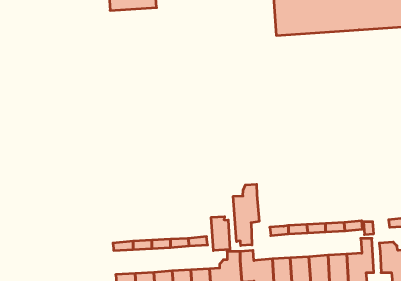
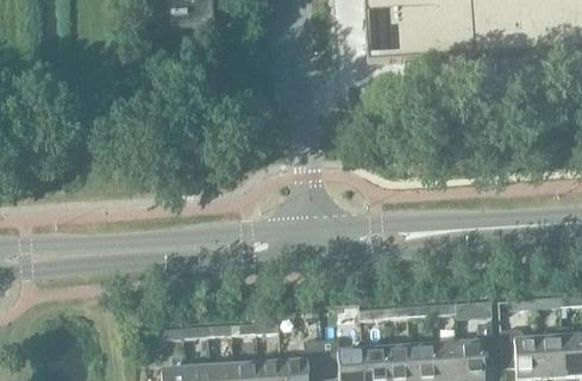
building: [233,184,259,246] -> none
building: [211,217,230,251] -> none

